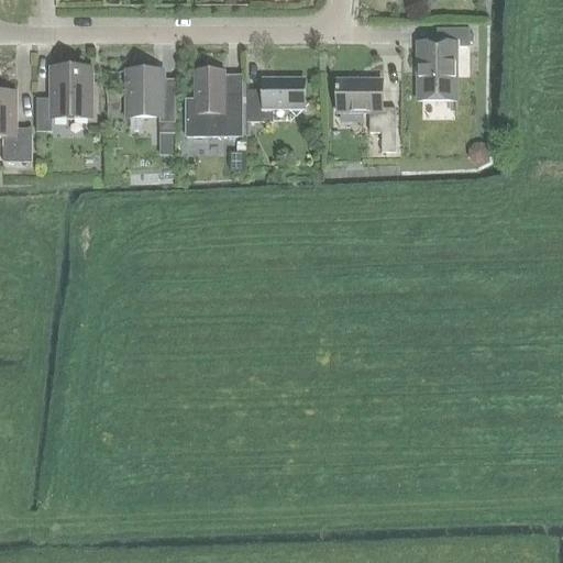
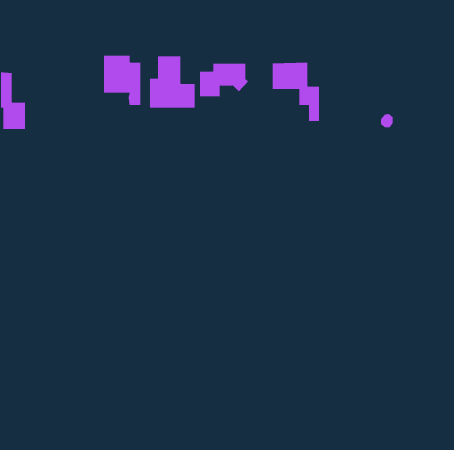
building: [418,26,470,96] -> none
building: [36,68,91,130] -> none

